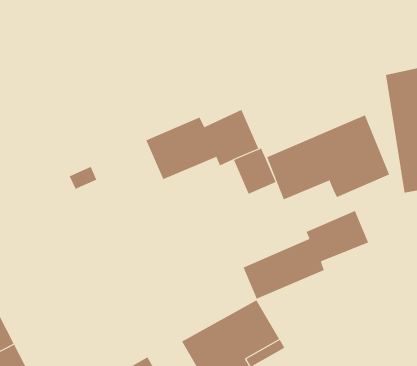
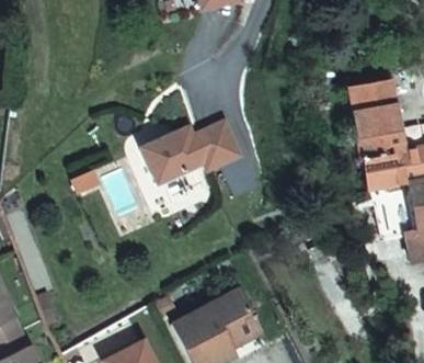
building: [267,115,390,200] -> none
building: [243,210,369,300] -> none

